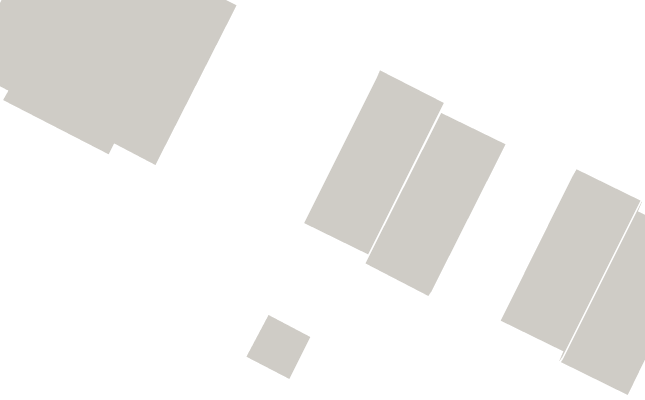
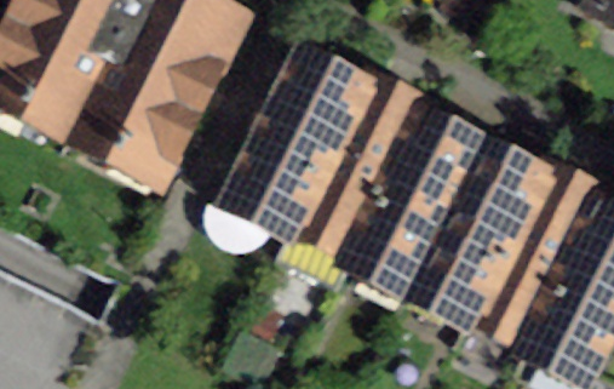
building: none -> [231,53,361,222]
building: none -> [409,143,538,310]

